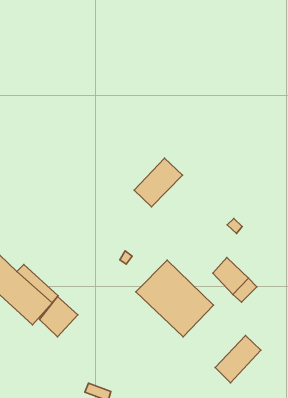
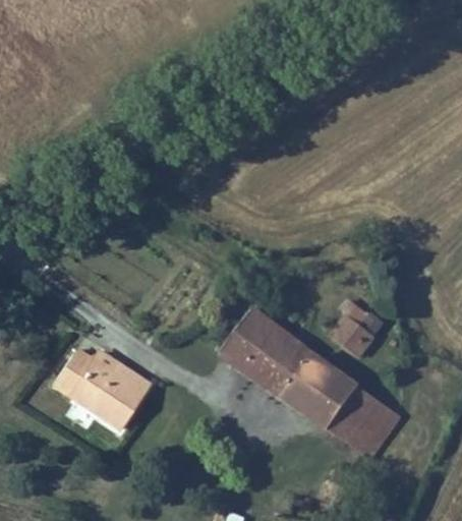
building: [134,158,183,207] -> [221,308,276,367]
building: [39,297,78,337] -> none
building: none -> [305,372,379,446]

